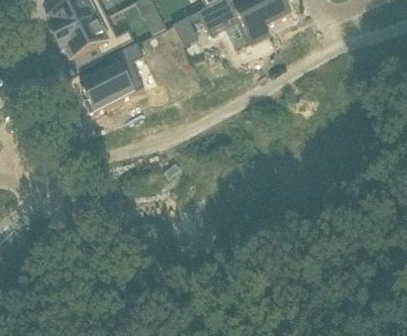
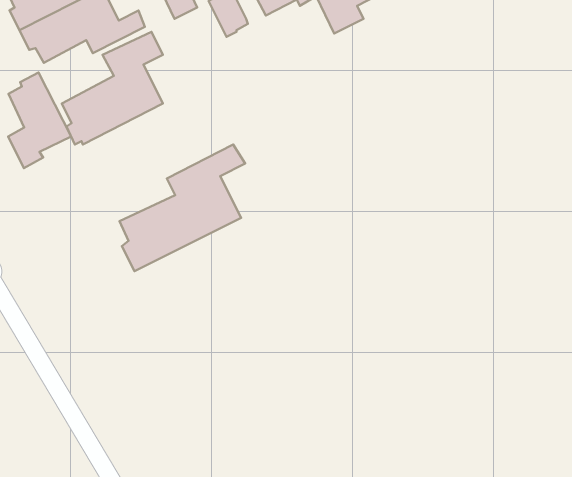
building: none -> [8,73,71,168]
building: none -> [120,145,245,271]

